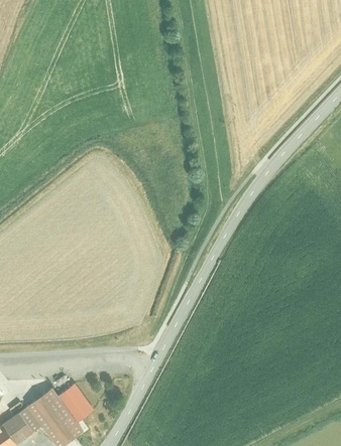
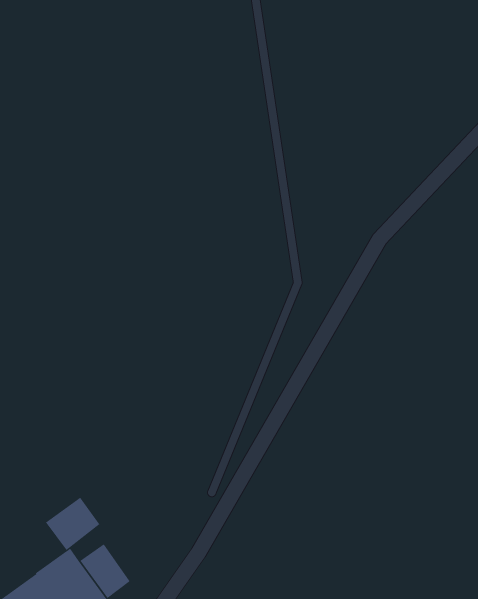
building: none -> [45,497,100,551]

